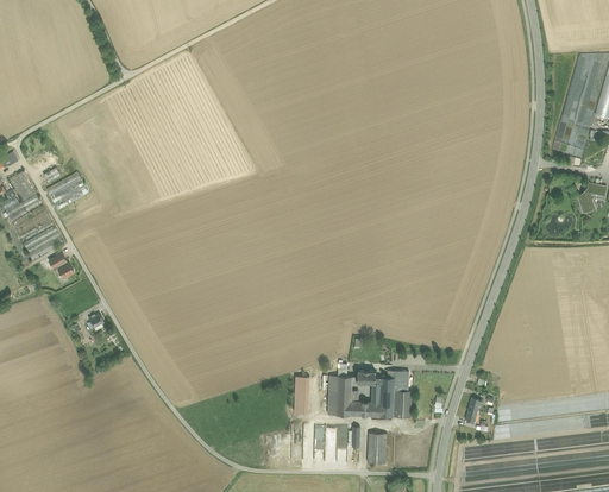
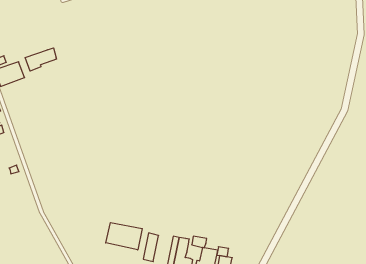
building: none -> [25,48,56,71]
building: none -> [106,223,142,250]

